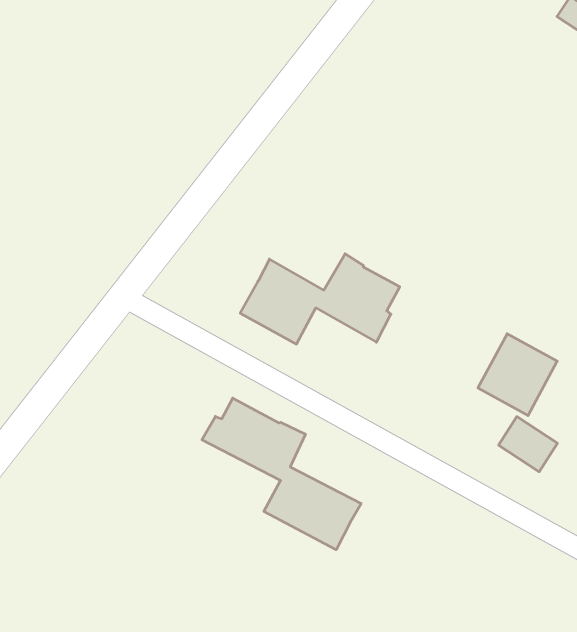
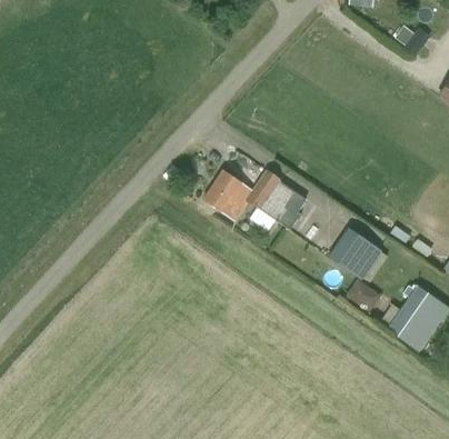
building: [202,398,361,550] -> none

